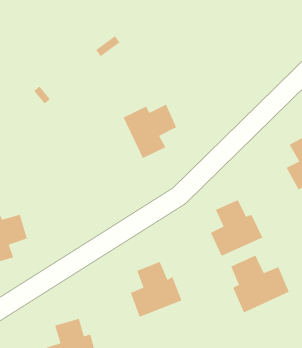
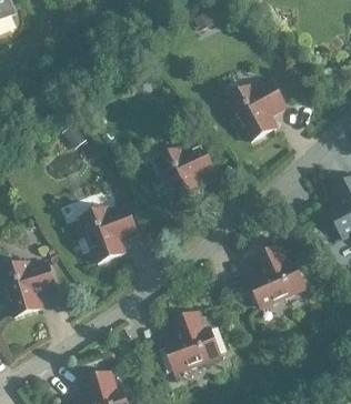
building: none -> [227,80,285,141]
building: none -> [79,205,137,262]
building: [230,255,290,314] -> none

